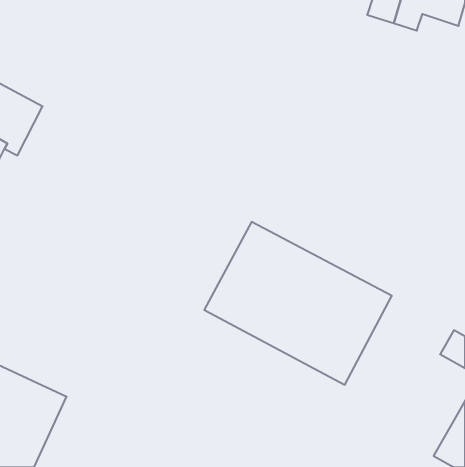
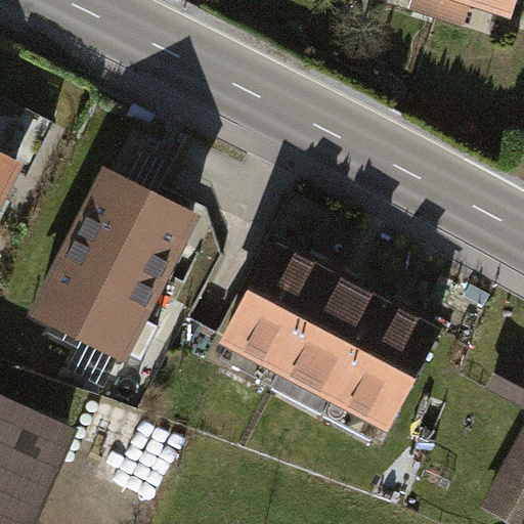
building: none -> [34,171,192,356]

